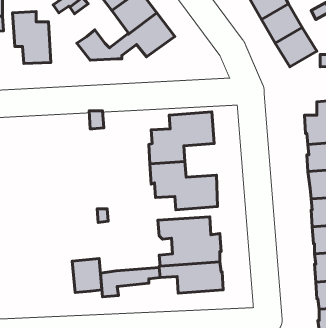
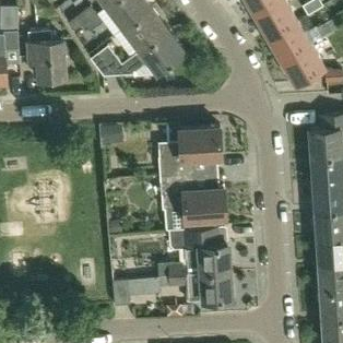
building: [72,258,102,293] -> none

